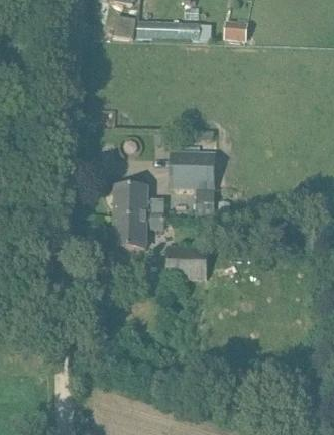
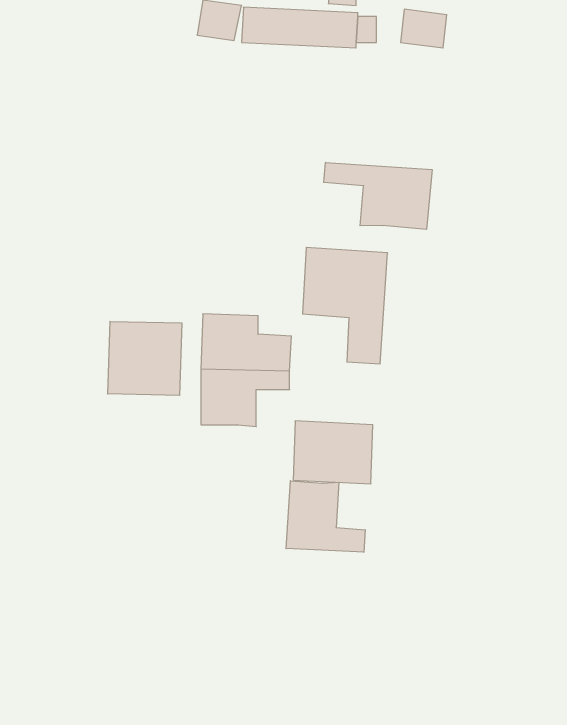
building: none -> [324,162,432,229]
building: none -> [108,321,182,395]
building: none -> [286,481,365,552]

